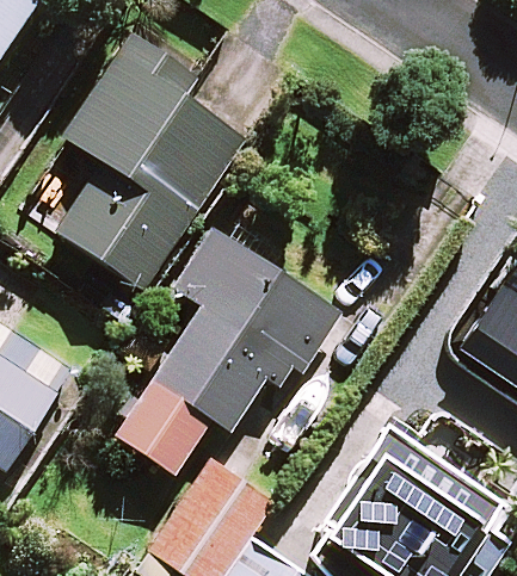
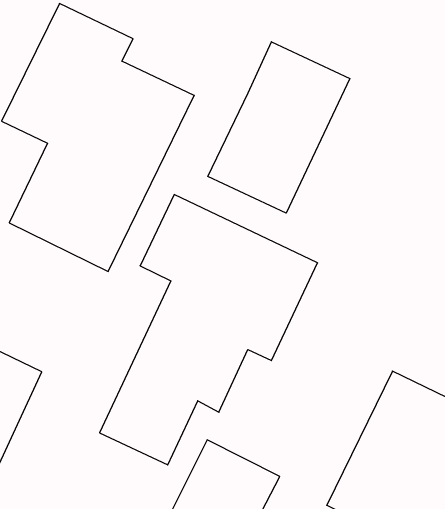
building: none -> [208,42,350,213]

